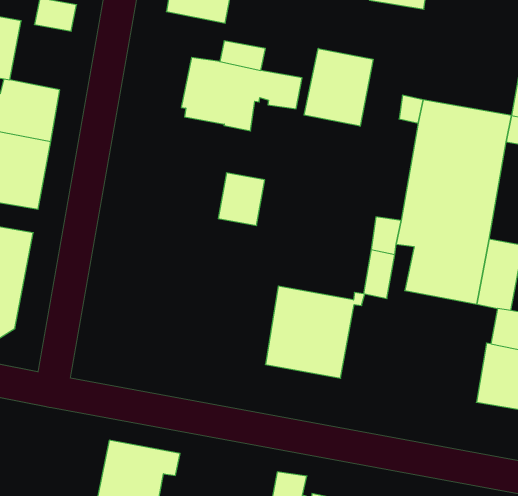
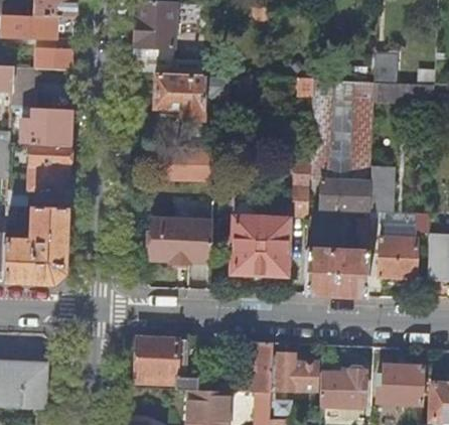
building: [304,48,373,126] -> none
building: none -> [152,220,213,264]
building: none -> [305,219,368,296]

